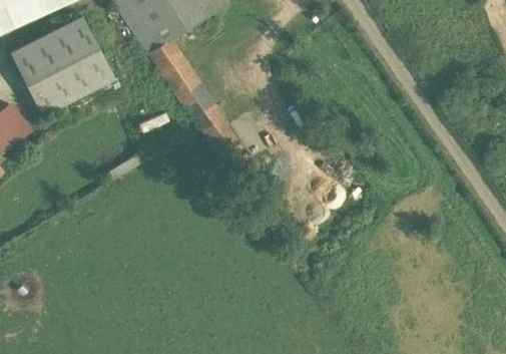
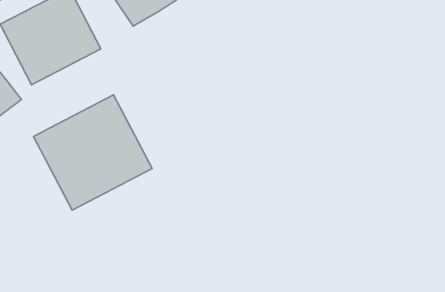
building: [146,38,254,174] -> none
building: none -> [33,95,152,210]

